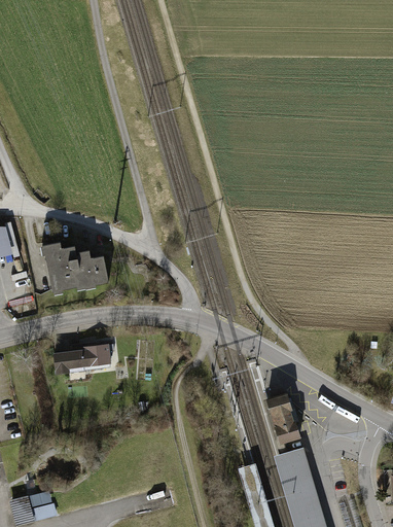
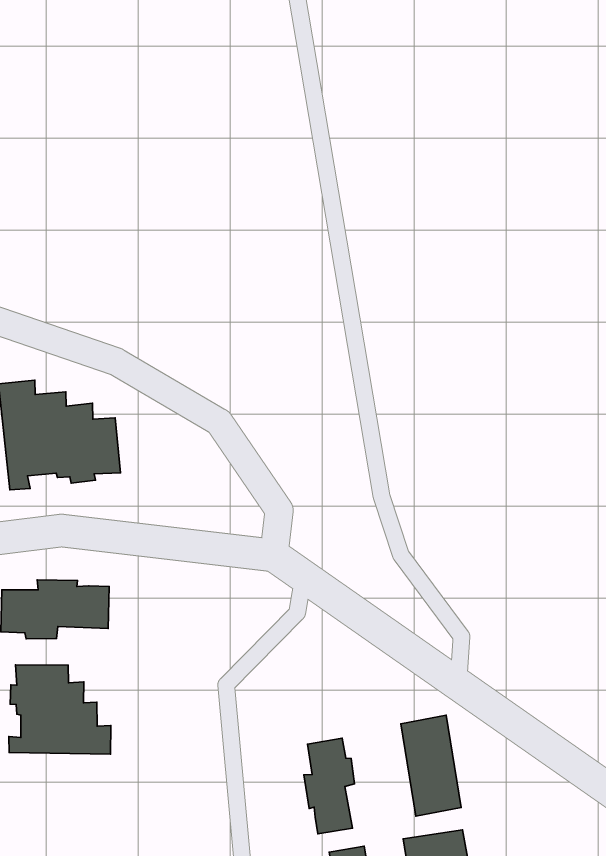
building: none -> [9,665,111,754]
building: none -> [304,738,354,834]

